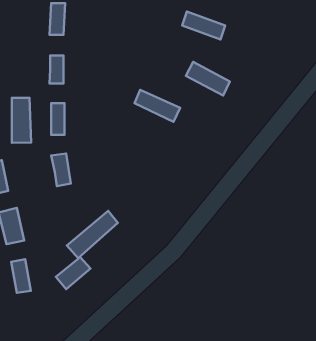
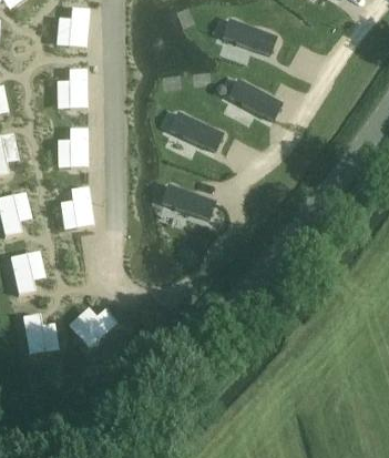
building: [12,98,31,143] -> none
building: none -> [162,184,216,221]
building: [67,211,118,258] -> none

